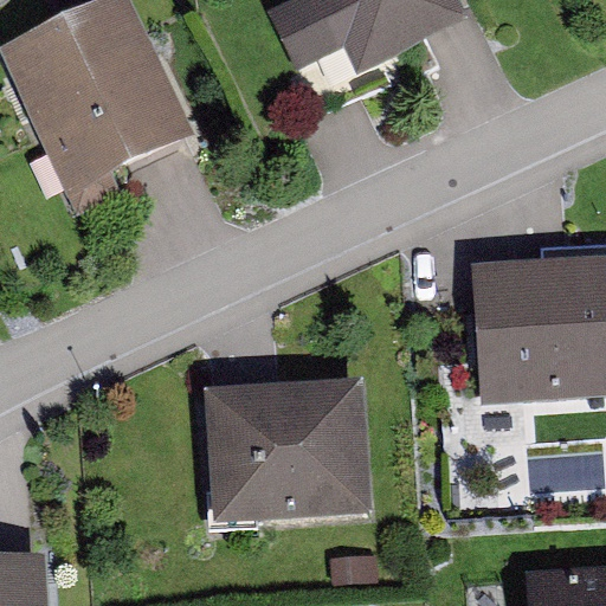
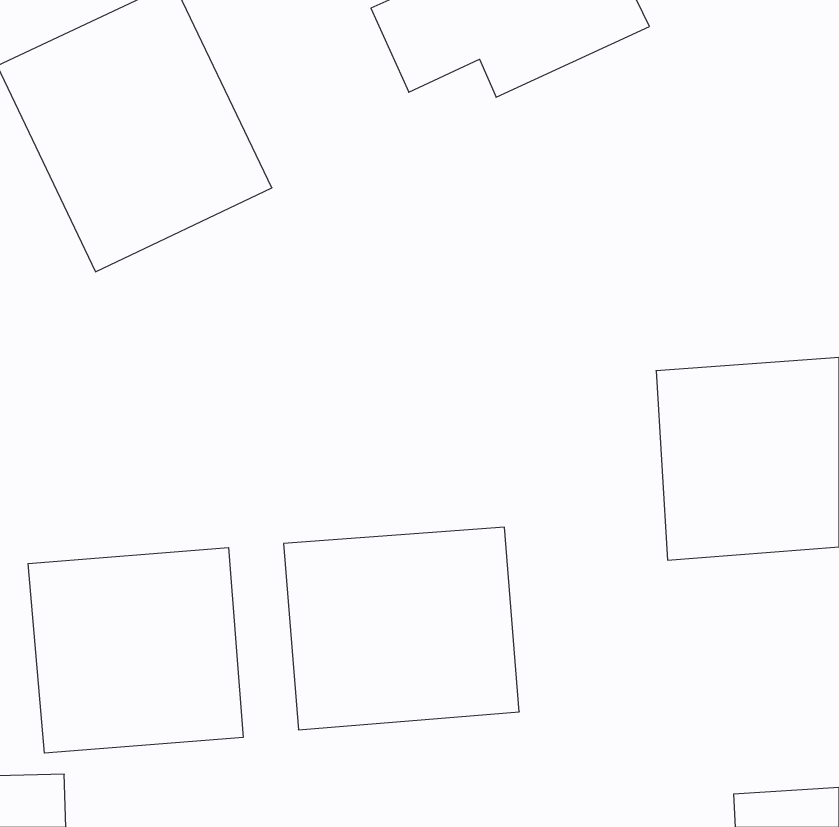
building: none -> [28,548,243,753]

